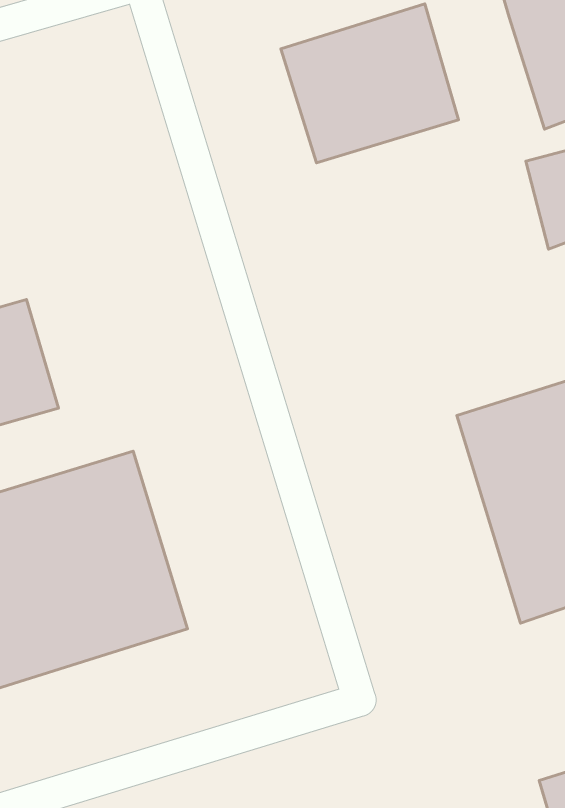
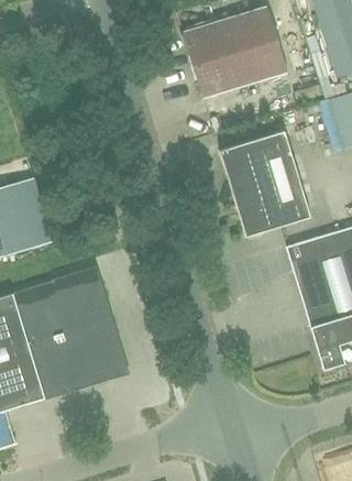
building: none -> [219,131,310,236]

